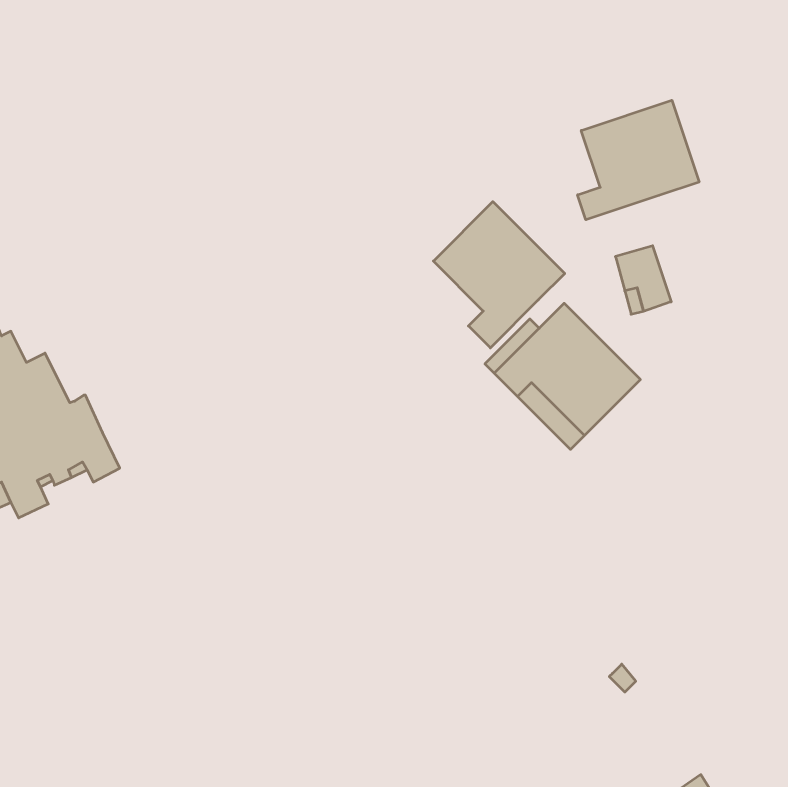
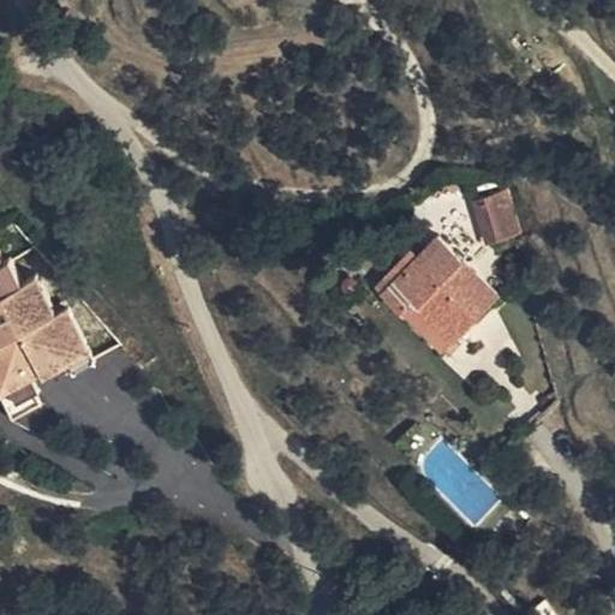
building: [578,100,699,220] -> none
building: [433,202,565,348] -> none

